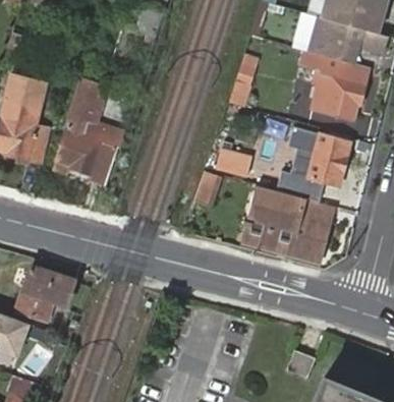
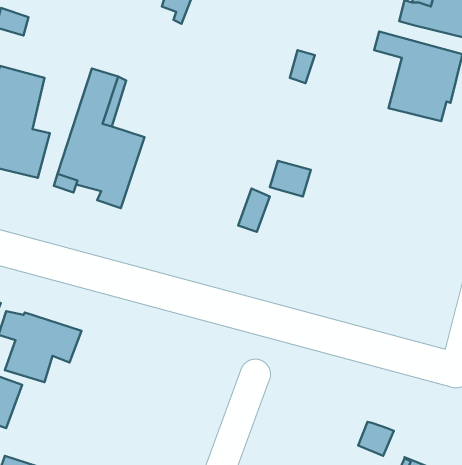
building: [291,128,351,186] -> none
building: [246,186,334,261] -> none

